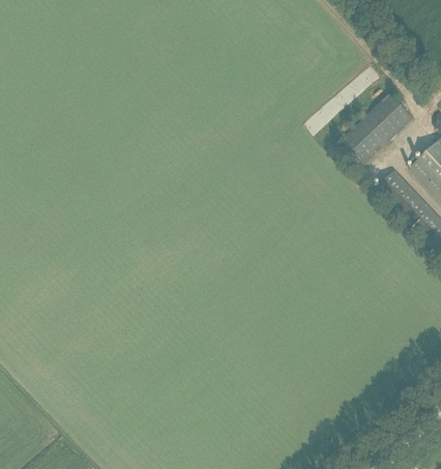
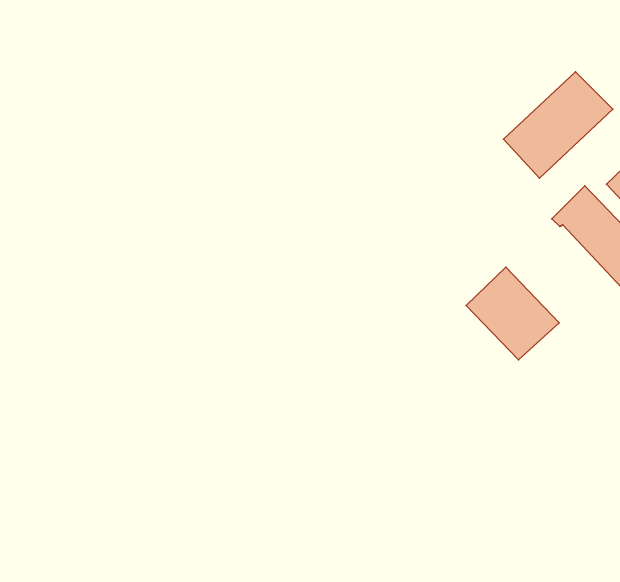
building: none -> [466,267,559,360]

